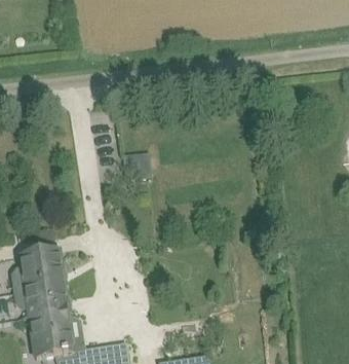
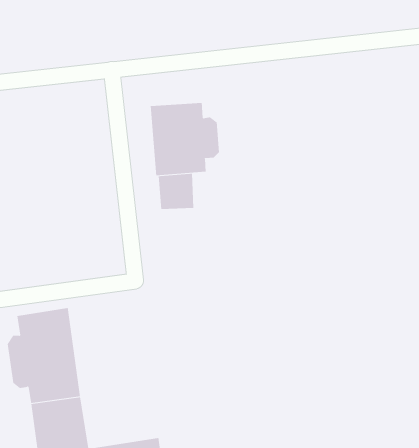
building: none -> [150,102,220,176]

